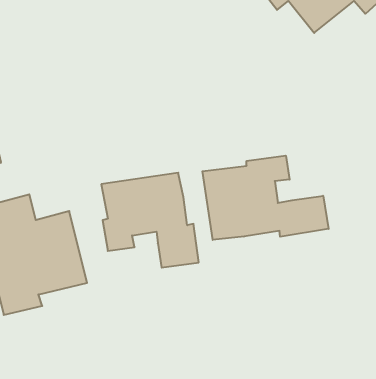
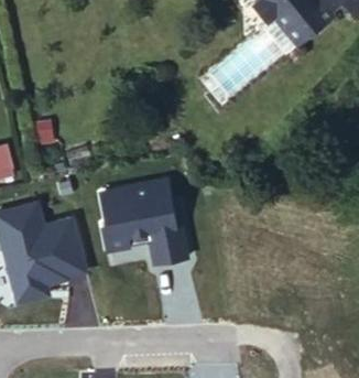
building: [202,156,329,240] -> none

